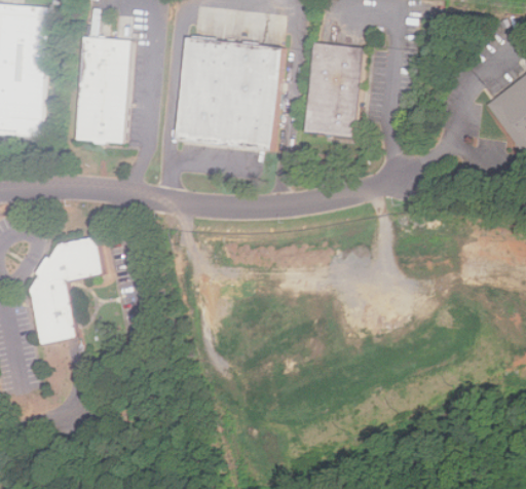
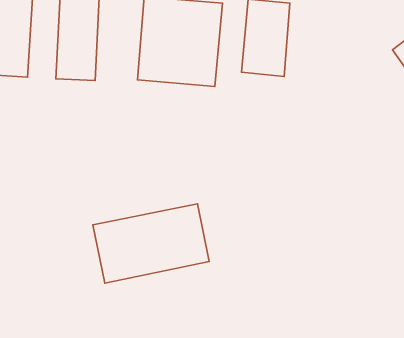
building: [28,235,101,345] -> none
building: none -> [93,204,209,283]

